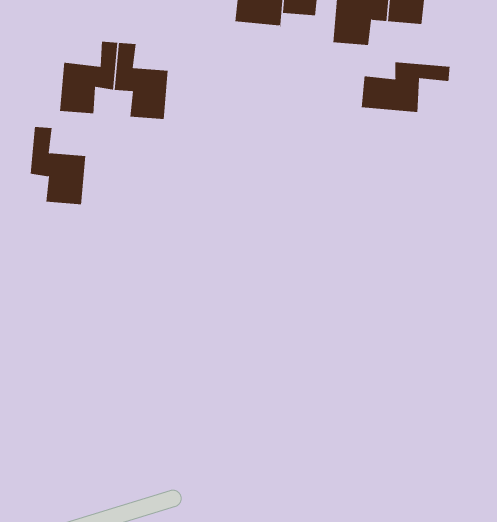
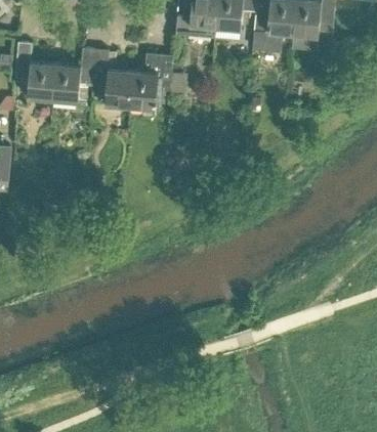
building: none -> [129,54,173,109]
building: [361,62,450,113] -> none
building: [30,126,86,205] -> [14,43,55,100]

